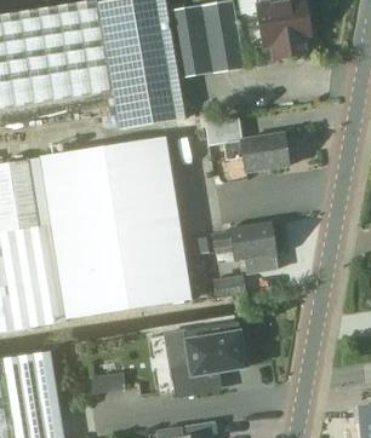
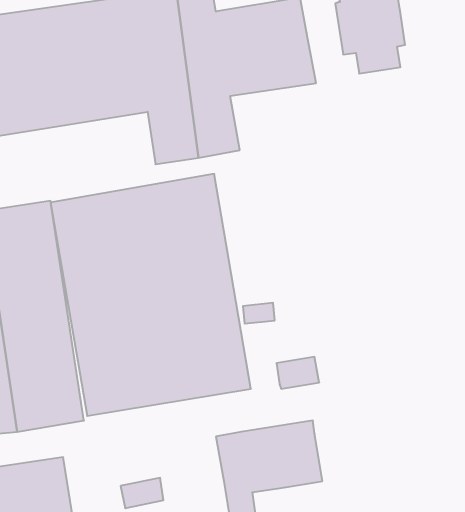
building: [209,116,293,172] -> none
building: [215,220,275,273] -> none

